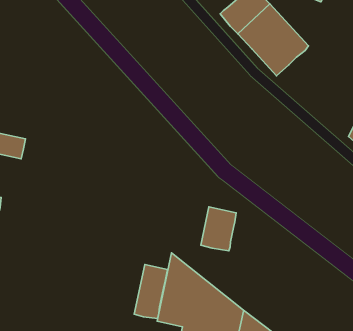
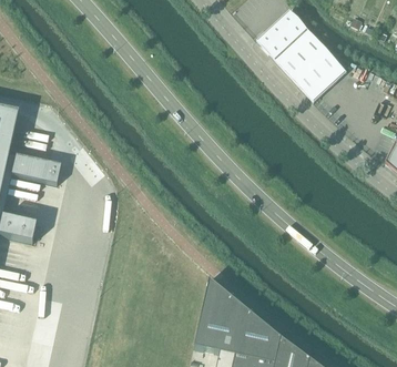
building: [201,207,236,251] -> none
building: [134,264,167,319] -> none

